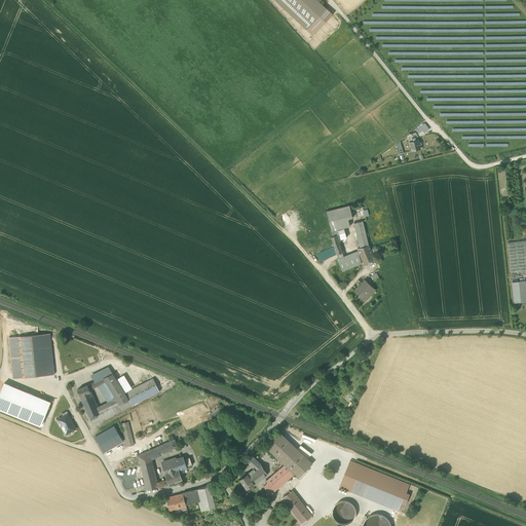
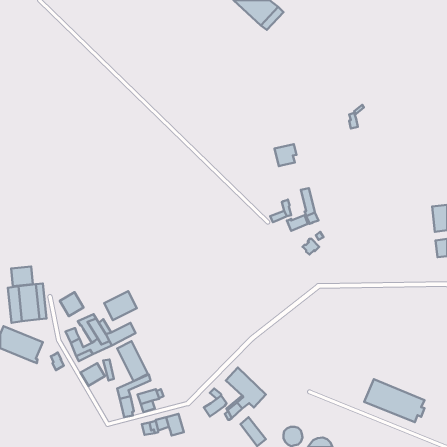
building: [327,205,352,231] -> [275,144,296,166]
building: none -> [11,266,33,286]
building: none -> [104,291,137,320]
building: none -> [60,292,83,316]
building: none -> [117,341,148,381]
building: [339,460,410,511] -> [364,379,425,422]

